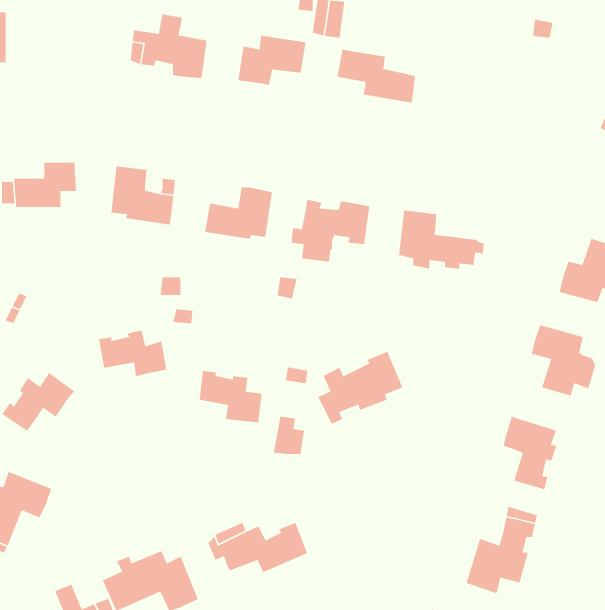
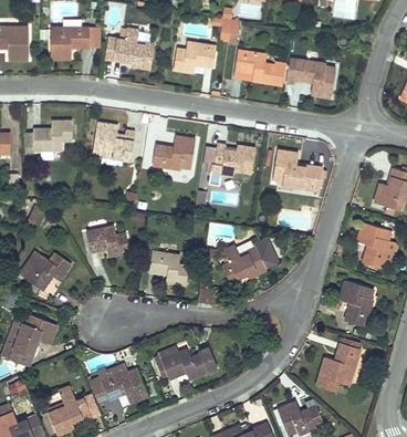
building: none -> [50,27,88,59]
building: none -> [285,59,335,97]

